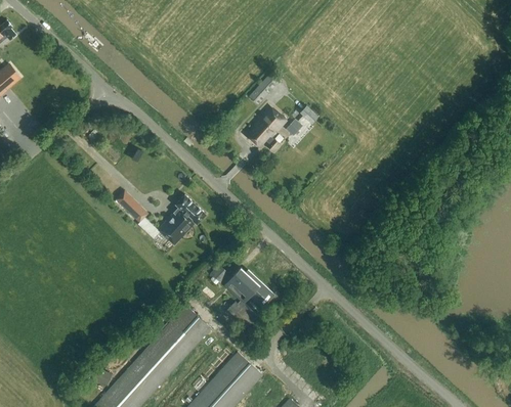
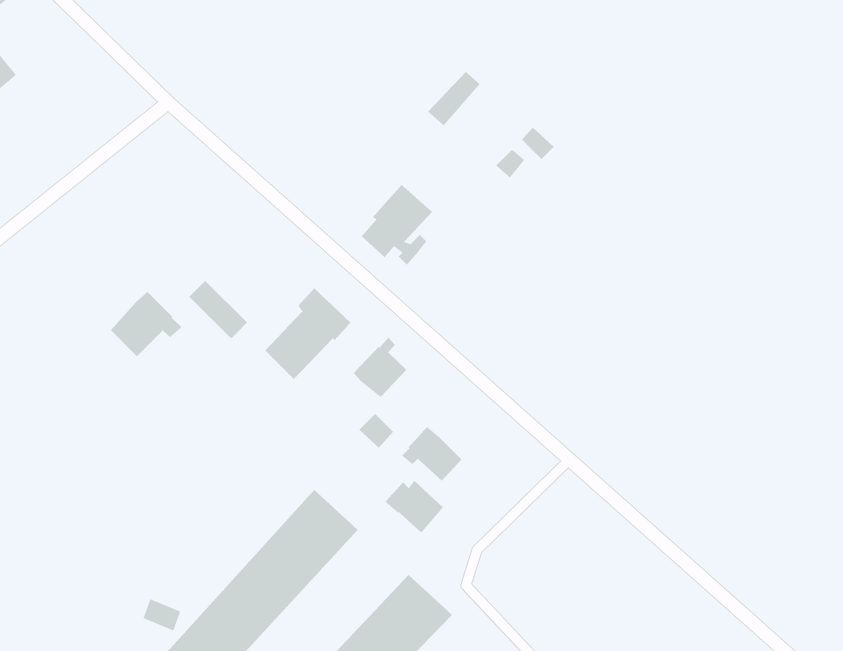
building: [246,106,286,151] -> [361,184,433,266]
building: none -> [110,291,182,357]
building: none -> [353,337,407,398]

